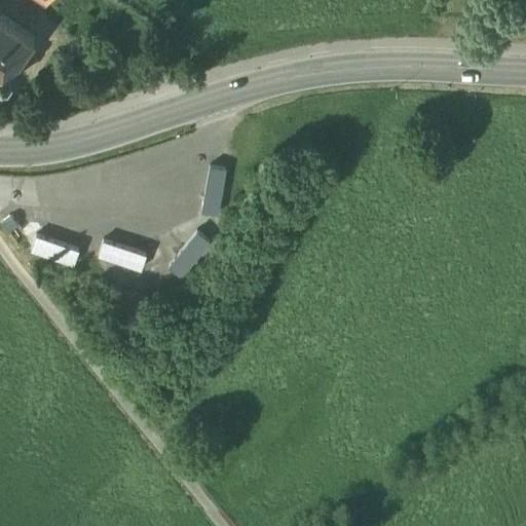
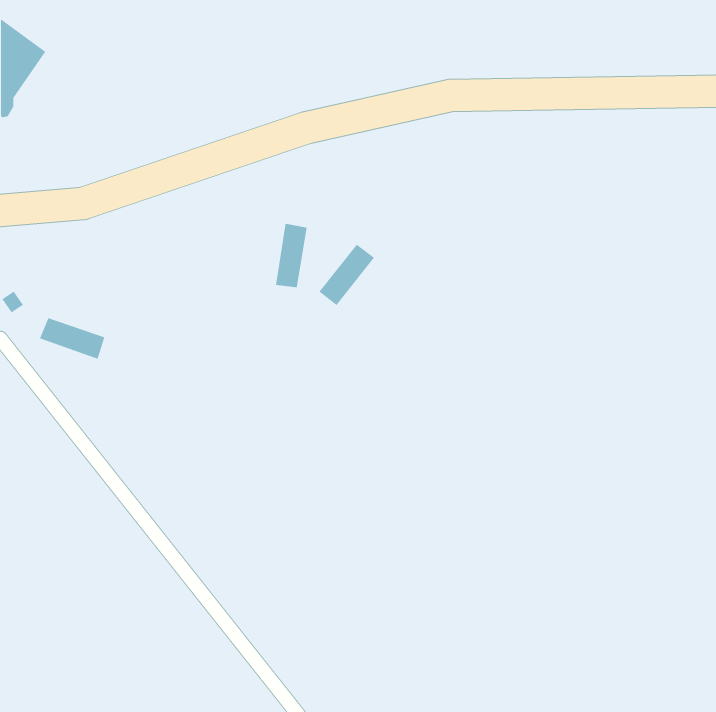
building: [168,233,210,278] -> [319,244,375,306]
building: [98,240,147,271] -> none

